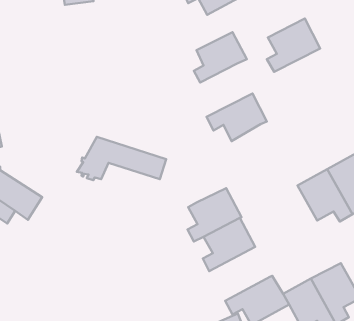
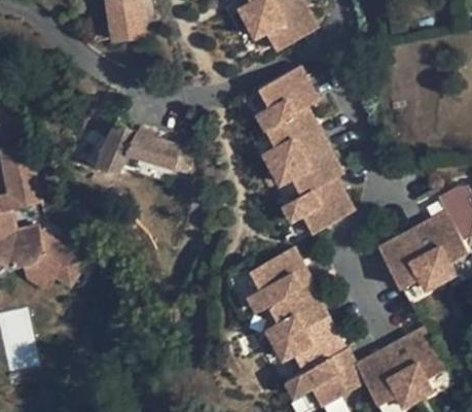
building: [267,19,320,72] -> [263,107,324,168]
building: none -> [283,176,352,232]
building: [77,137,166,180] -> [87,124,189,173]
building: none -> [275,316,344,372]

